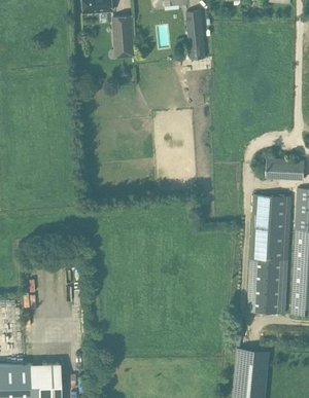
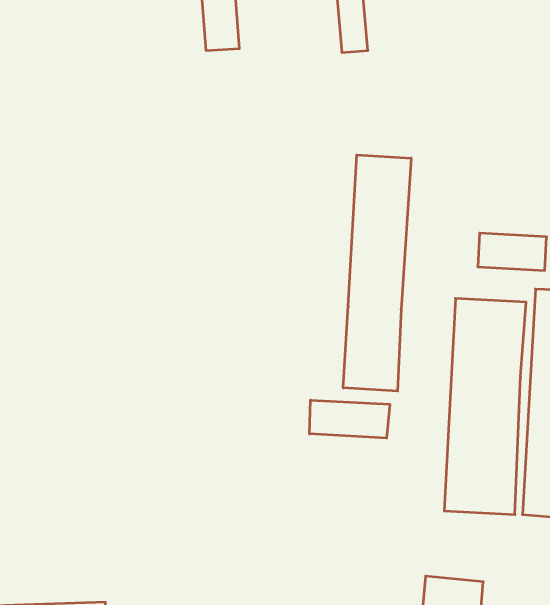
building: none -> [343,155,411,391]
building: none -> [310,400,390,438]

